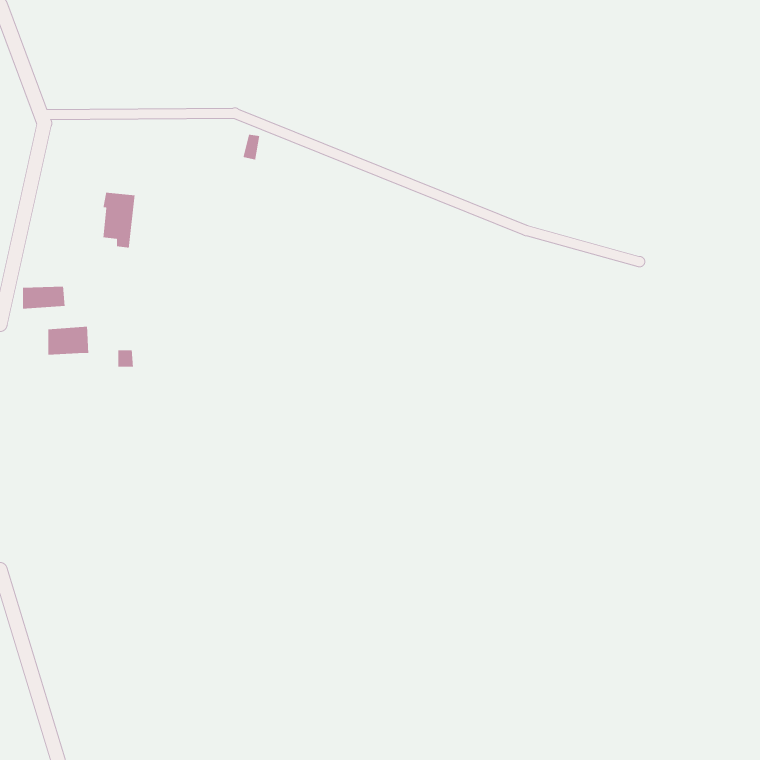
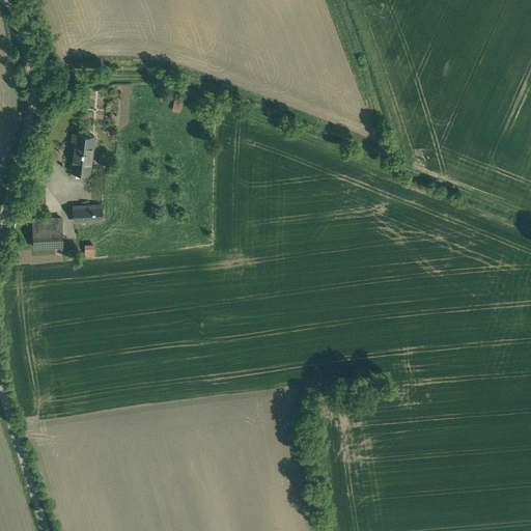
building: [22,286,65,310] -> [73,205,103,222]

